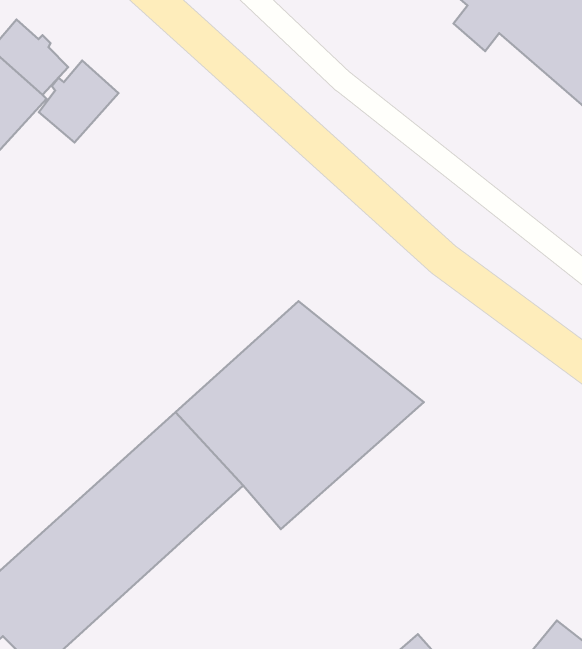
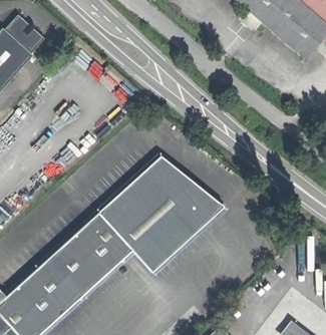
building: [39,60,118,143] -> none

